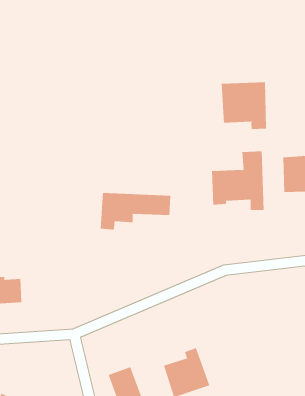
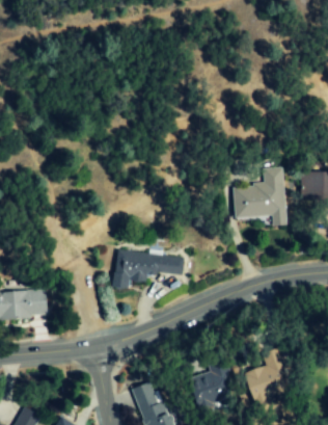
building: [221,82,266,130] -> none
building: [100,192,171,230] -> [113,251,184,289]
building: none -> [241,348,285,404]

